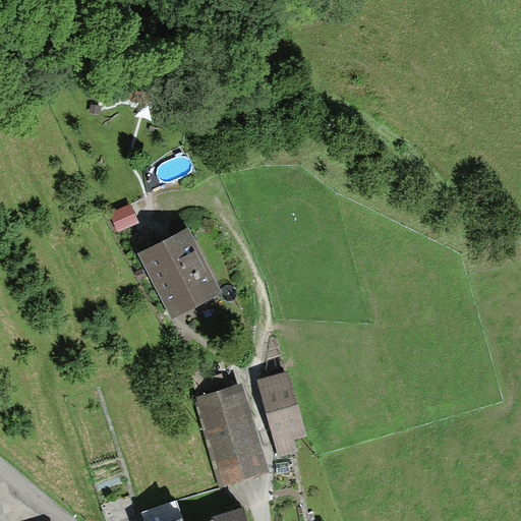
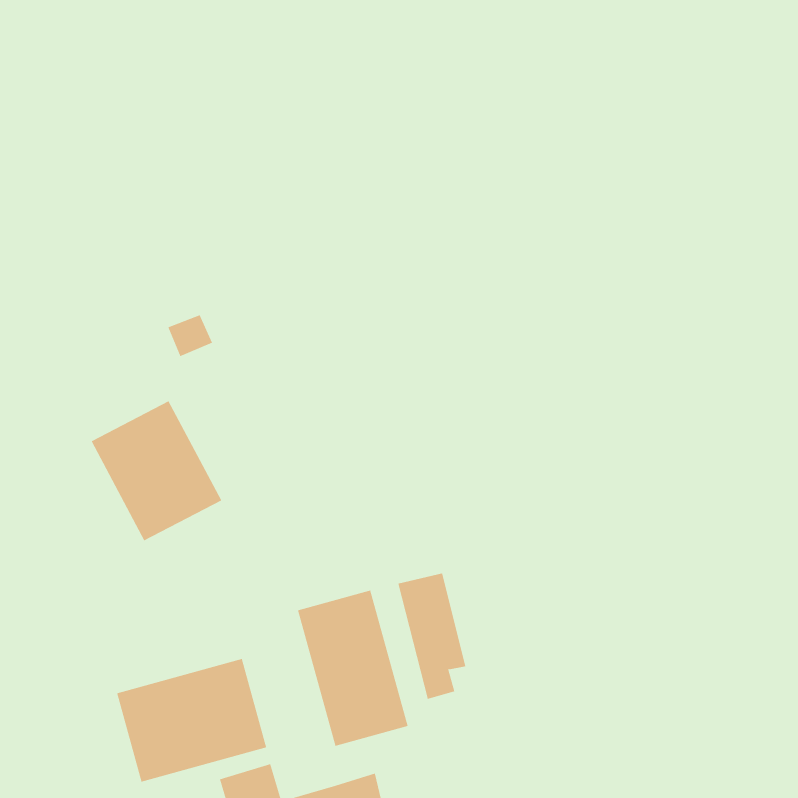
building: [136,228,222,320] -> [91,400,222,541]
building: none -> [117,658,267,782]

